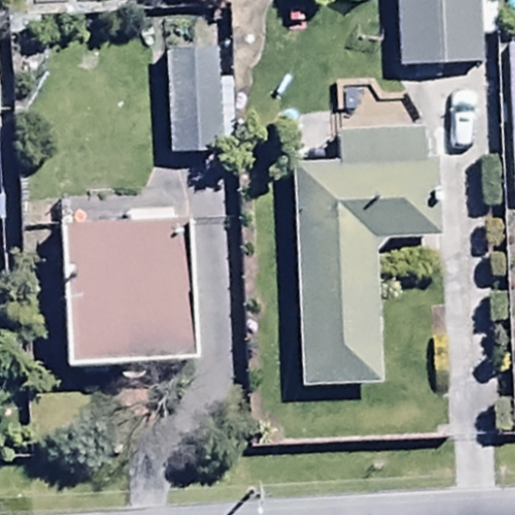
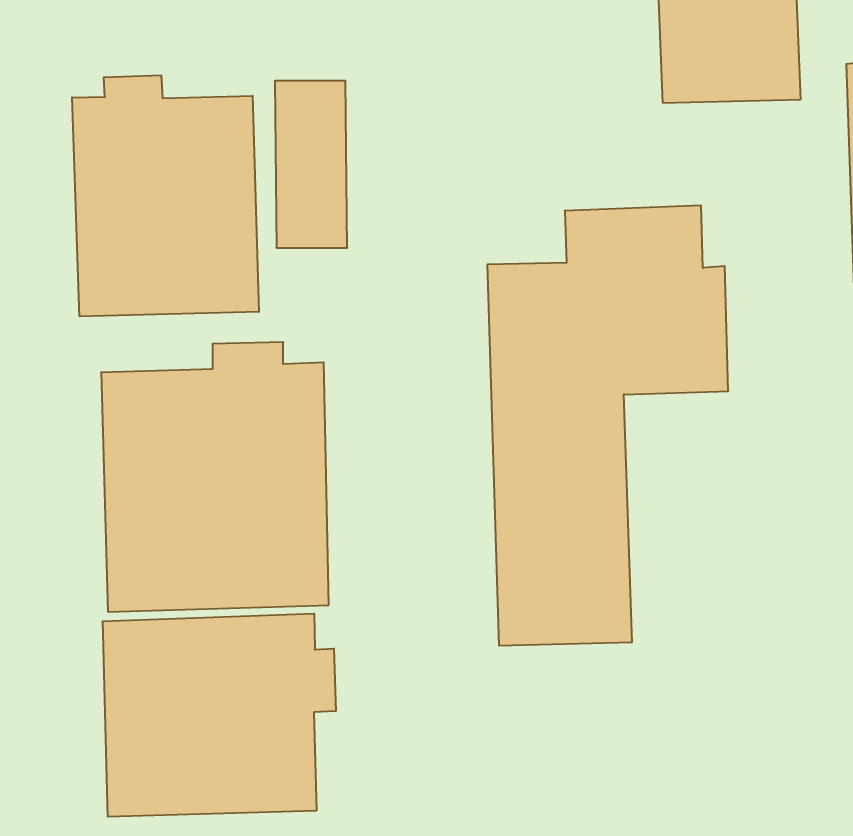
building: none -> [72,75,259,316]
building: none -> [103,614,336,817]

